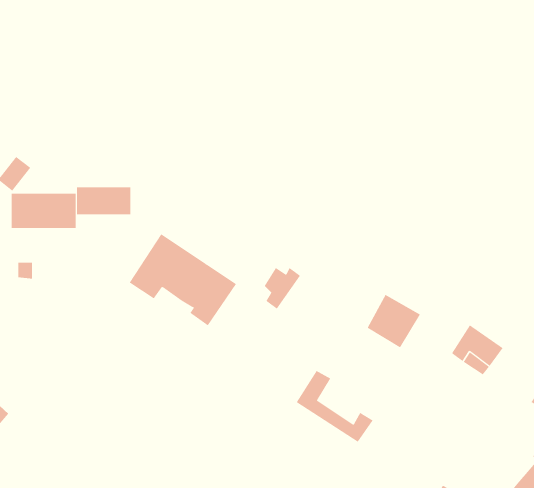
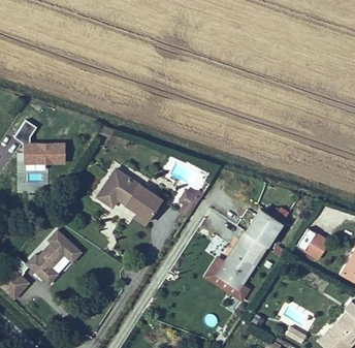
building: [77,187,131,215] -> none
building: none -> [214,227,264,287]
building: none -> [25,229,79,283]

